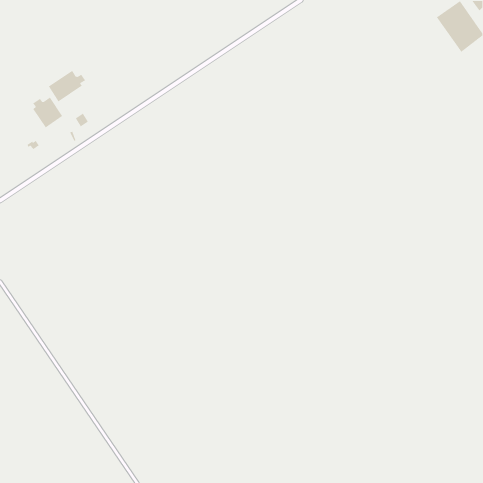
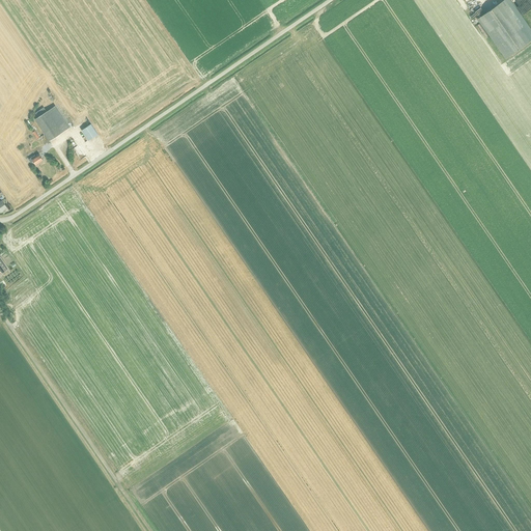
building: [48,70,86,102] -> none

